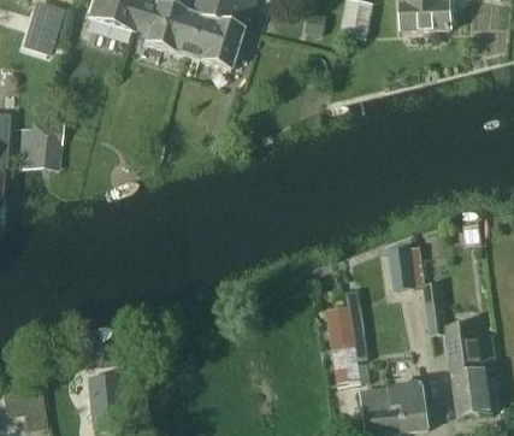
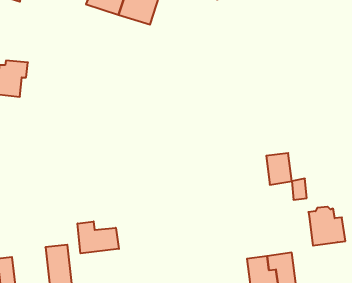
building: [326,302,362,385] -> none
building: none -> [78,221,119,253]
building: [453,366,492,414] -> none

